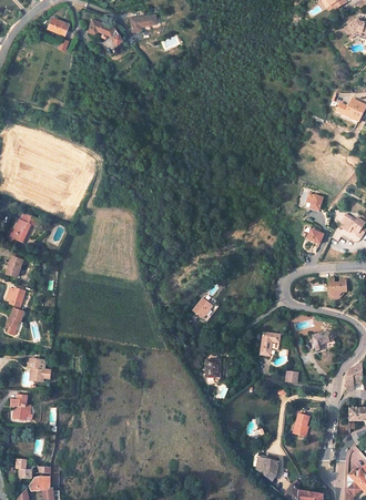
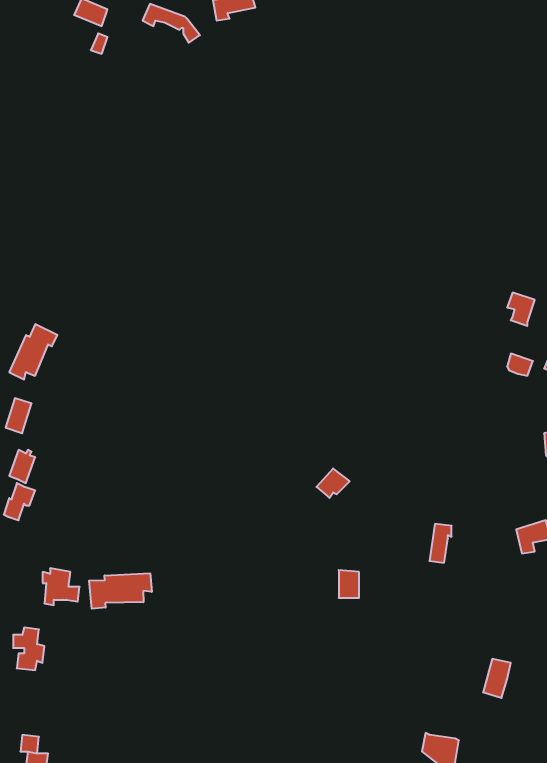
building: none -> [89,573,152,609]

